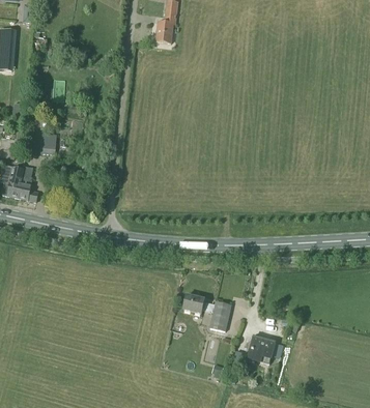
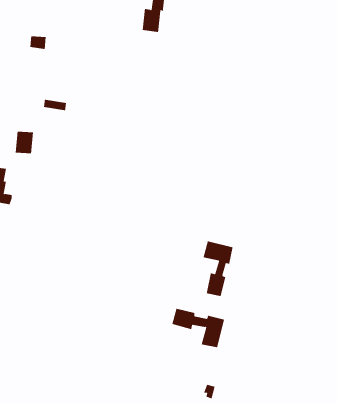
building: none -> [203,241,233,297]
building: [248,336,276,358] -> none

